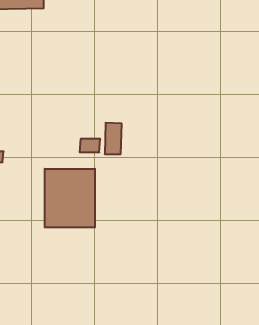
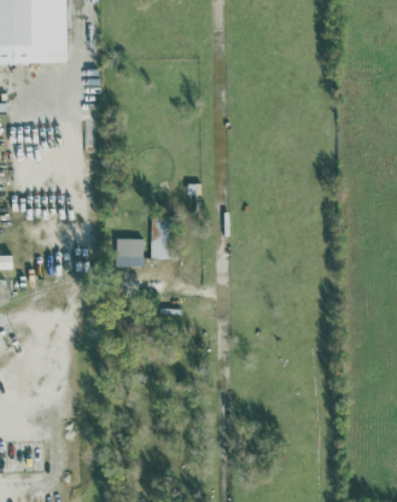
building: [45,169,95,227] -> none

